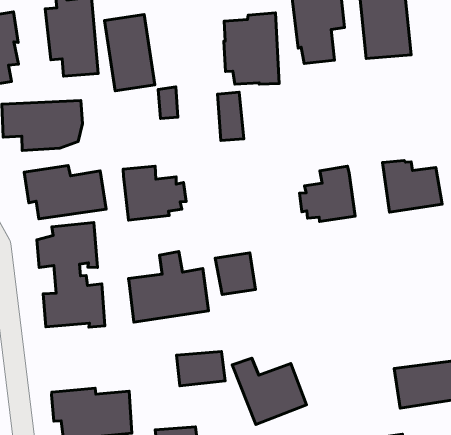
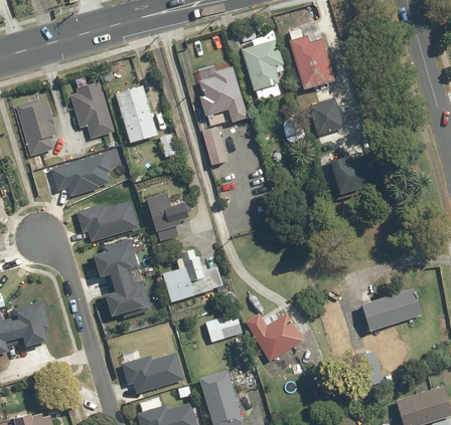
building: none -> [310,99,344,137]
building: [299,166,355,221] -> none
building: [215,253,255,294] -> none

